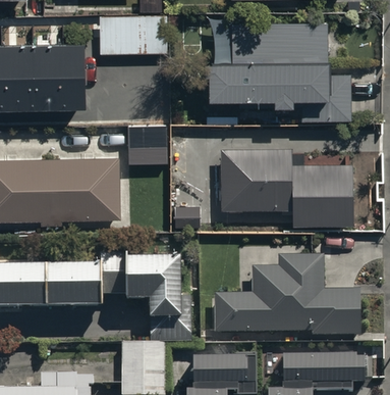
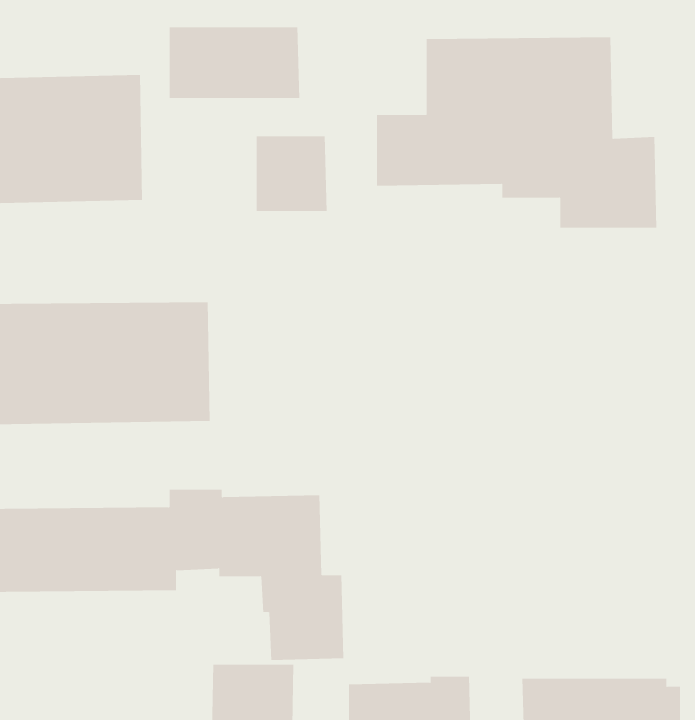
building: [129,126,166,164] -> [256,136,327,212]
building: [220,149,352,226] -> none
building: [214,256,360,337] -> none

